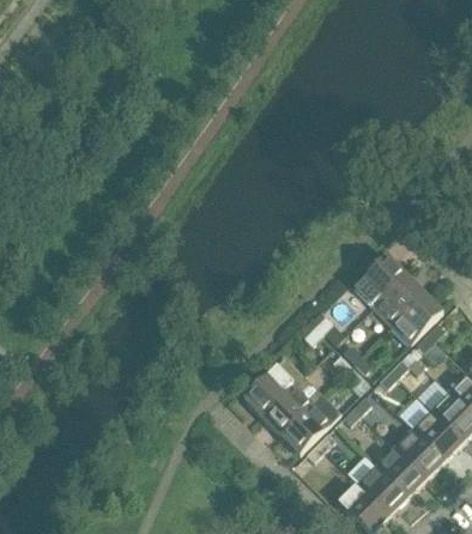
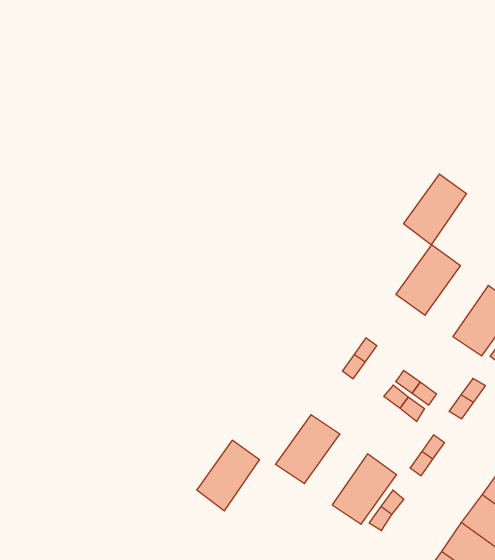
building: [373,273,423,324] -> [404,174,467,245]
building: [262,383,313,435] -> [197,440,260,511]

